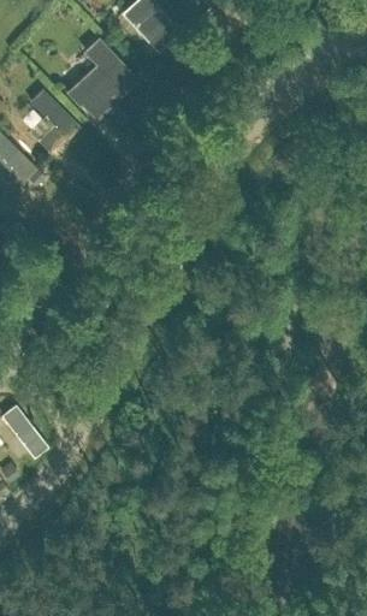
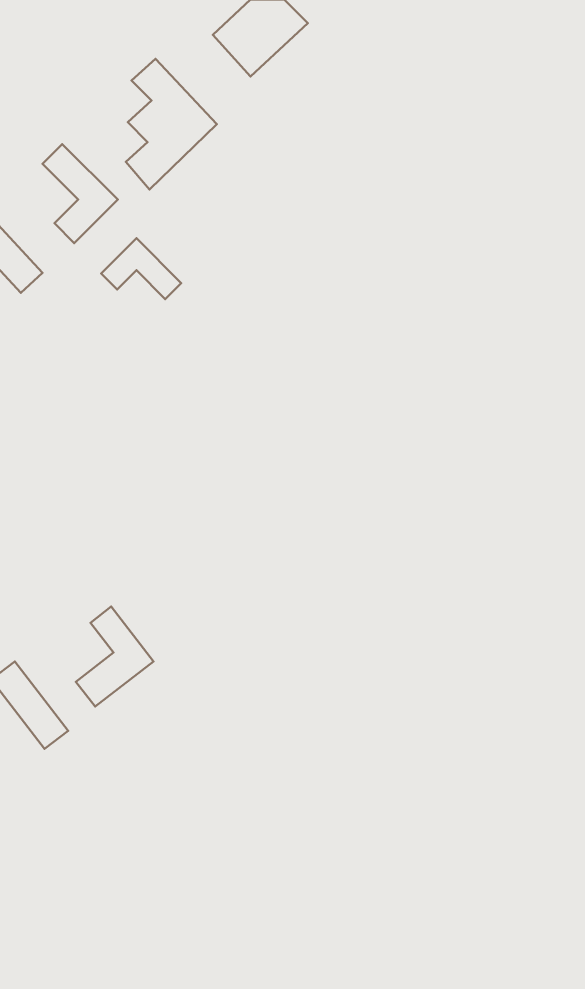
building: none -> [101,238,181,299]
building: none -> [76,607,154,707]

